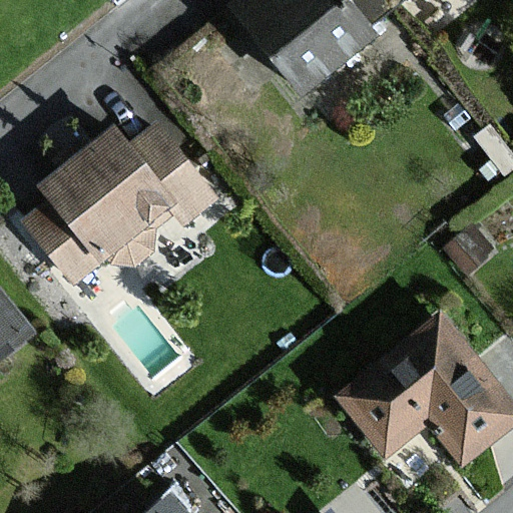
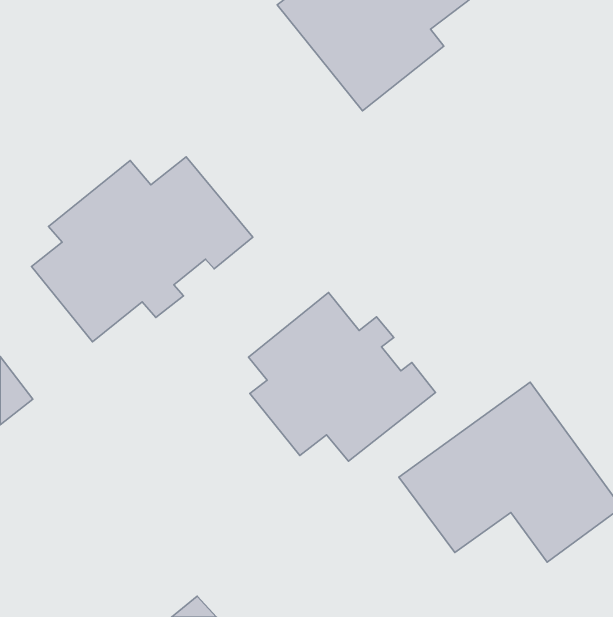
building: none -> [248,292,436,461]

